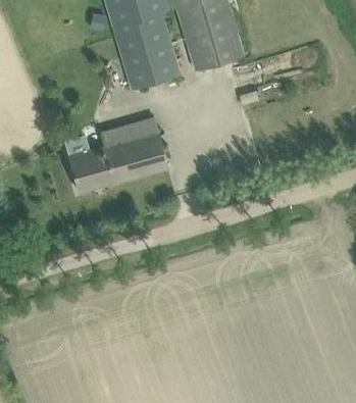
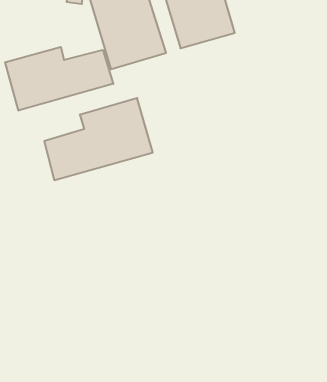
building: none -> [5,47,113,111]

